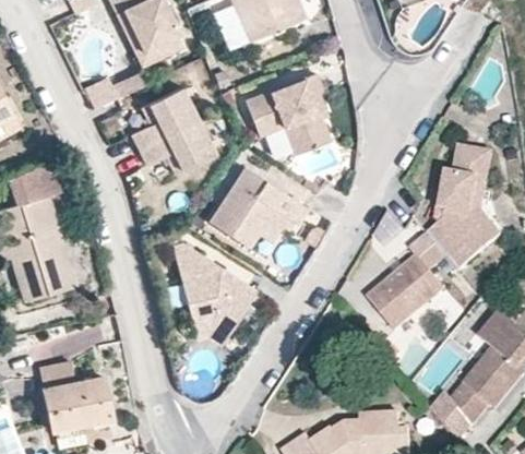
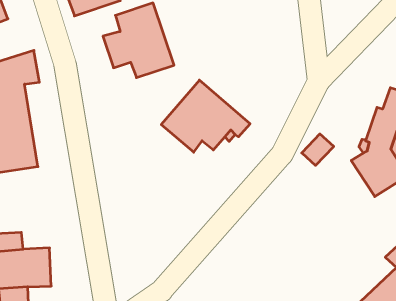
building: [246,71,330,152] -> none
building: [367,231,446,328] -> none
building: [171,241,256,343] -> none

